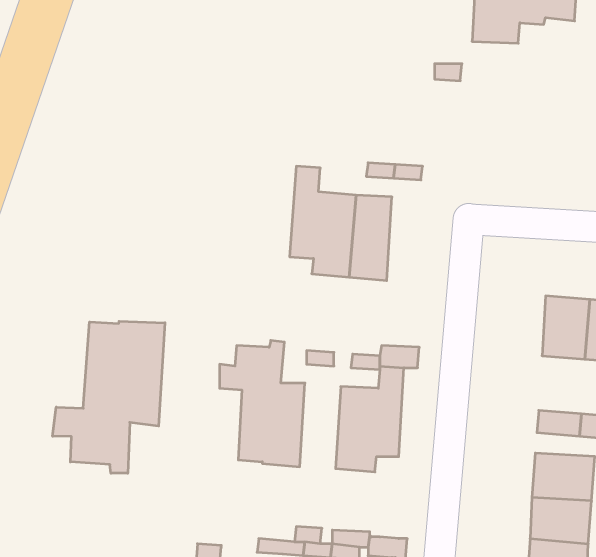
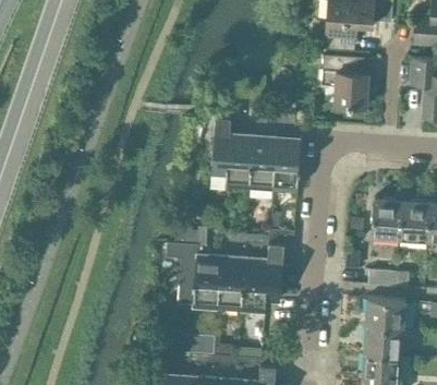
building: none -> [321,55,368,107]
building: none -> [272,135,300,190]
building: [53,321,165,473] -> none
building: none -> [217,254,243,309]

